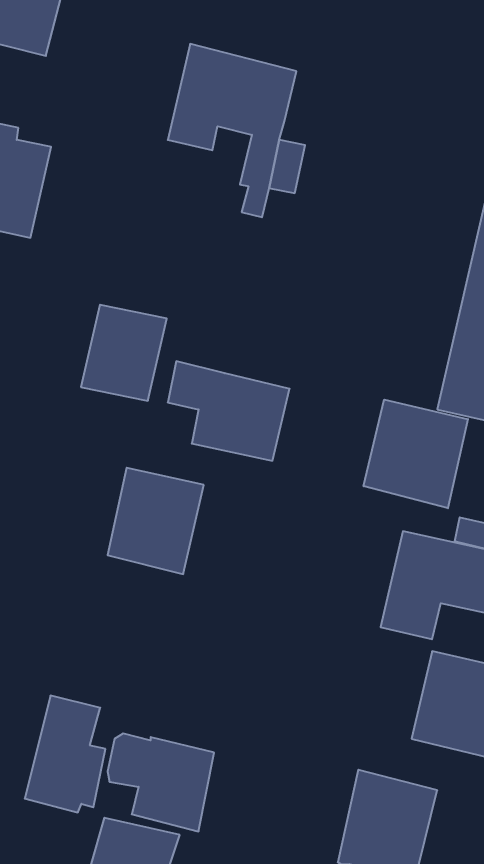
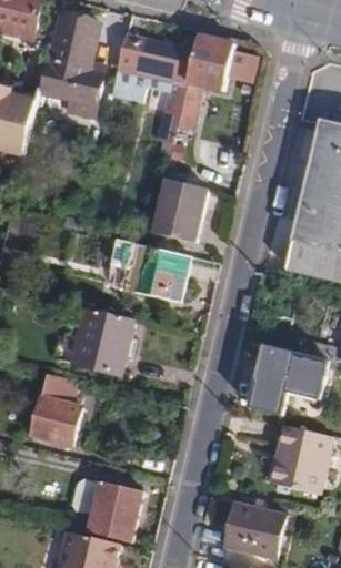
building: none -> [38,12,106,118]
building: none -> [187,30,234,90]
building: [81,305,167,401] -> [152,178,208,240]
building: [364,400,468,508] -> none
building: [25,696,105,812] -> [29,373,81,448]

